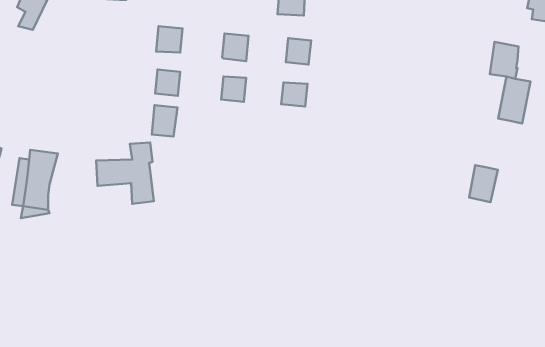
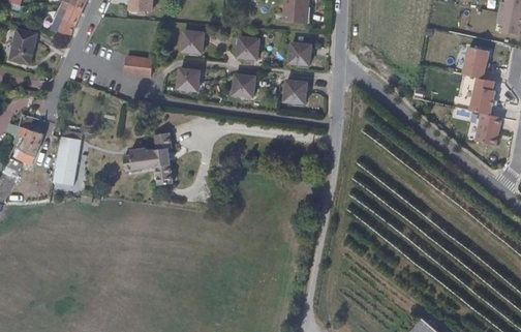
building: none -> [122,55,151,77]
building: [152,105,177,137] -> none
building: [469,165,498,202] -> [477,113,501,145]

